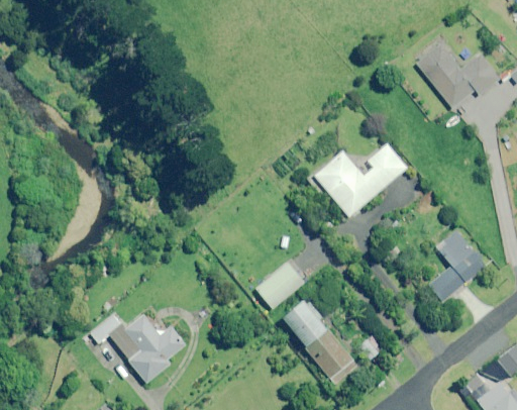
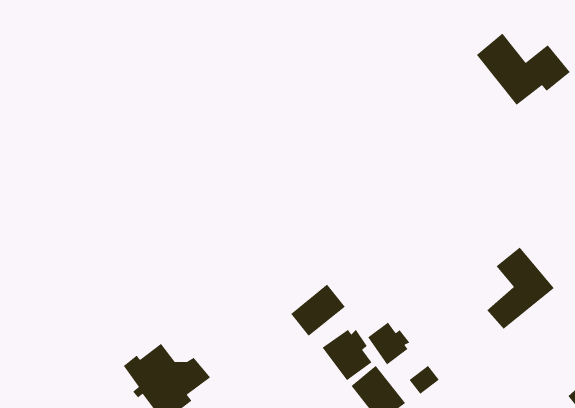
building: [308,142,407,216] -> none
building: none -> [367,322,410,365]
building: [90,313,122,342] -> none

